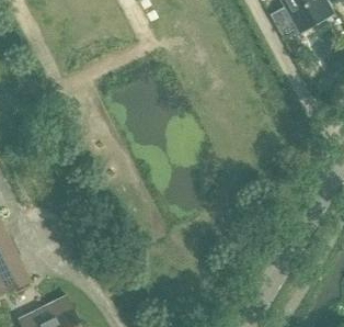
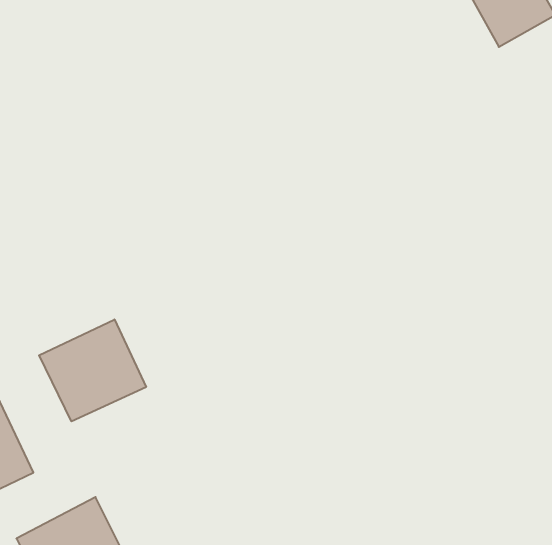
building: none -> [39,319,146,421]

